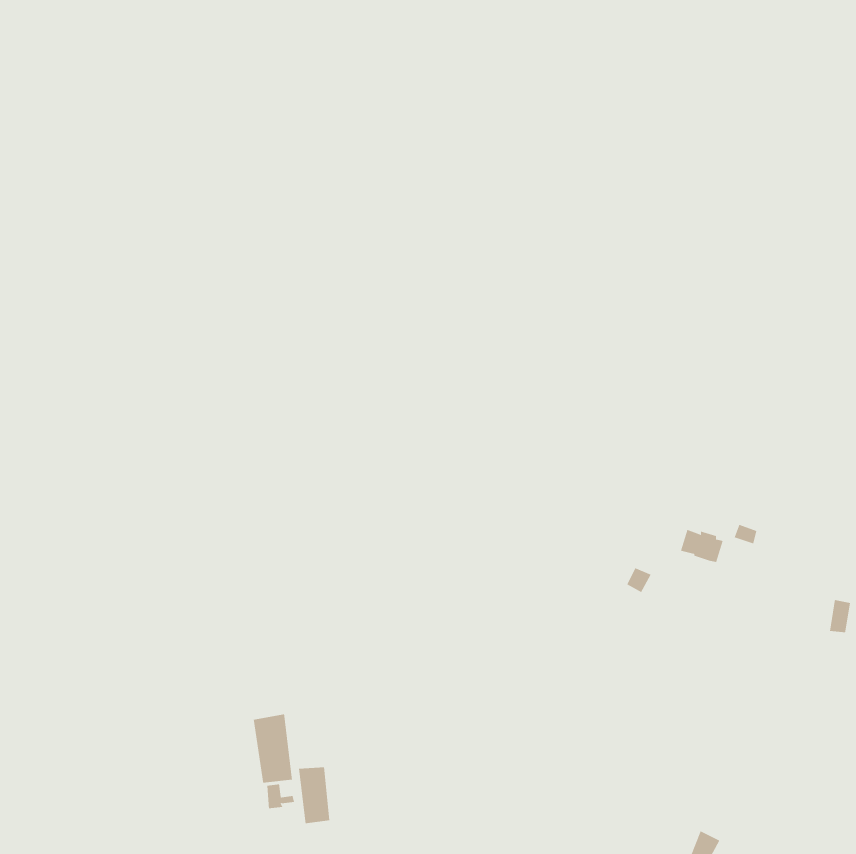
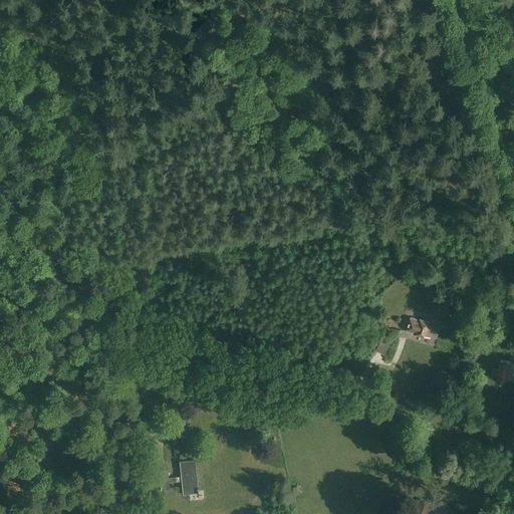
building: [253,713,293,783] -> none

